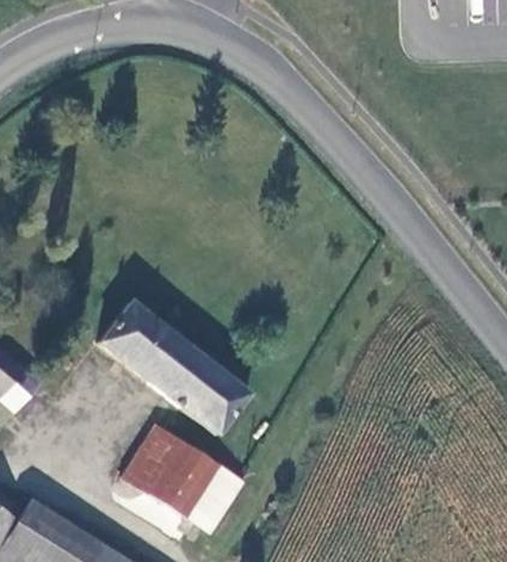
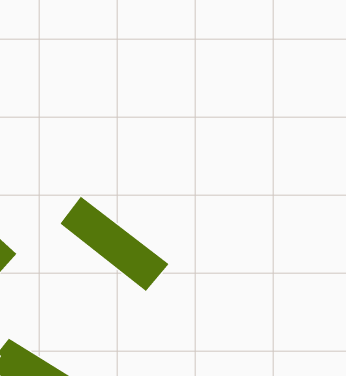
building: [124,425,245,532] -> none

